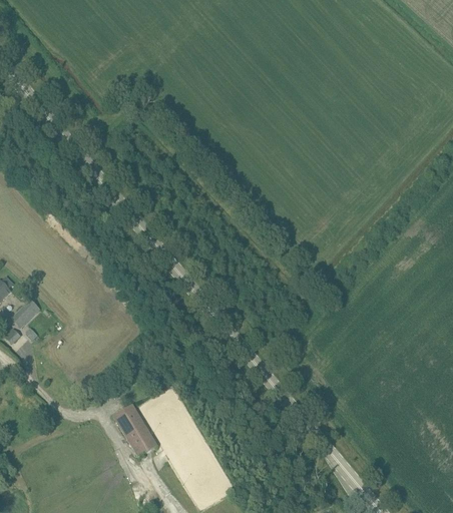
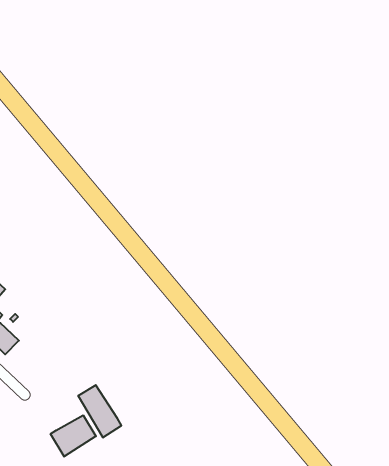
building: none -> [51,415,96,457]

